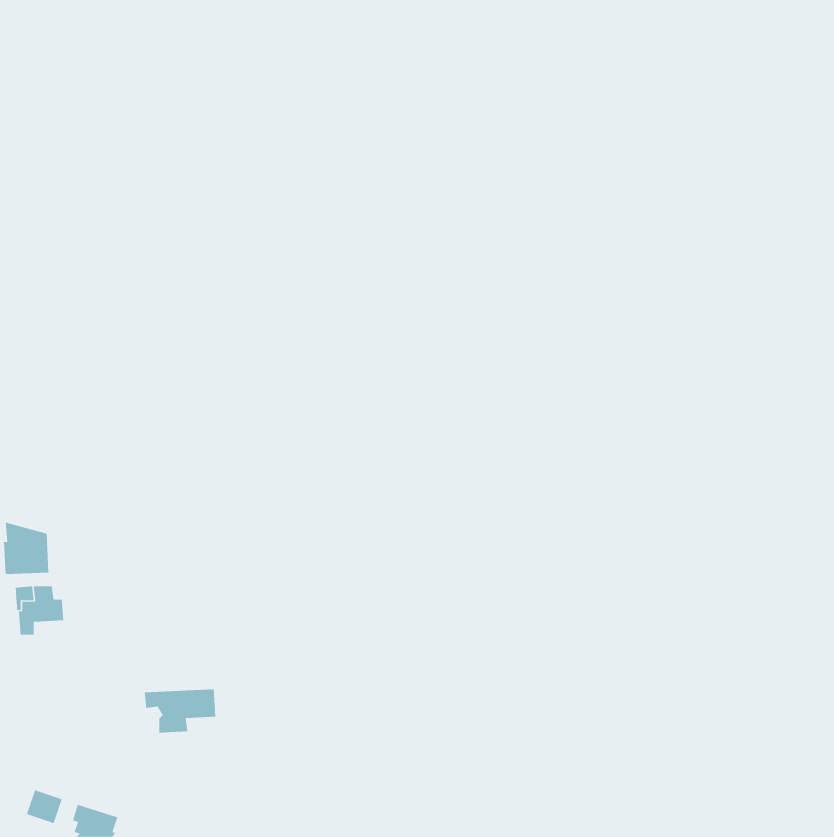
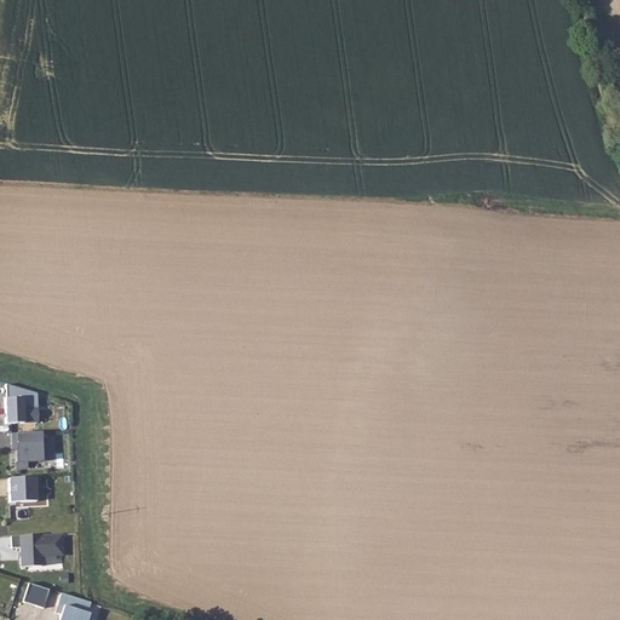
building: none -> [10,477,38,503]
building: [144,689,216,733] -> [12,534,65,567]

